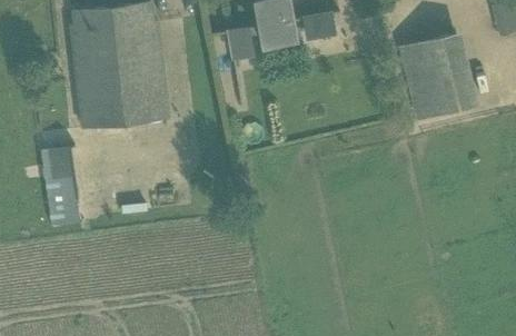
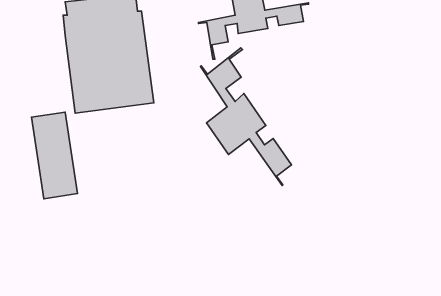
building: [400,34,473,119] -> none
building: none -> [200,48,292,186]

